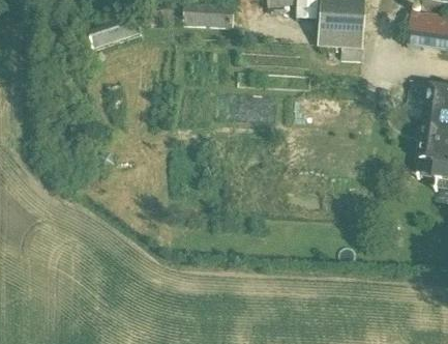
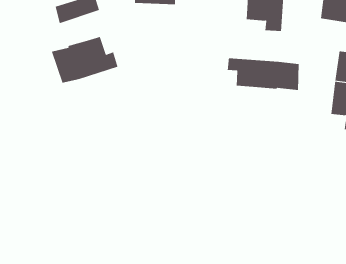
building: none -> [51,36,118,84]
building: none -> [227,58,299,91]

